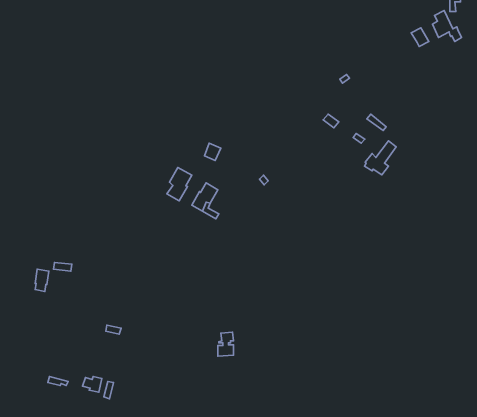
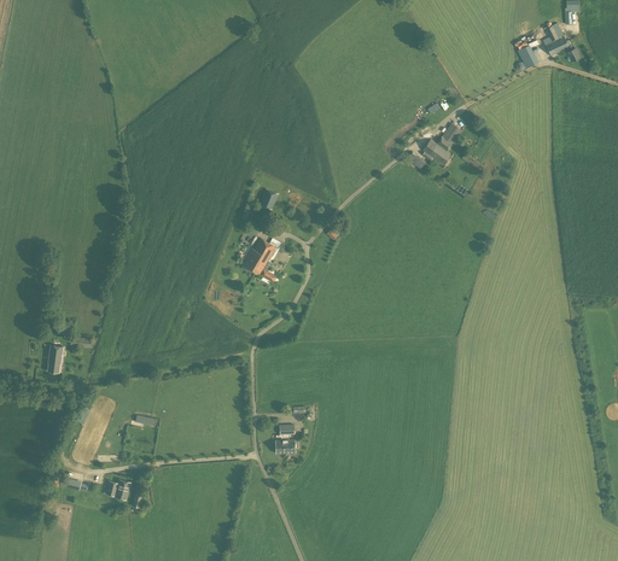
building: [364,141,396,175] -> [421,123,461,165]
building: [167,167,192,201] -> none

